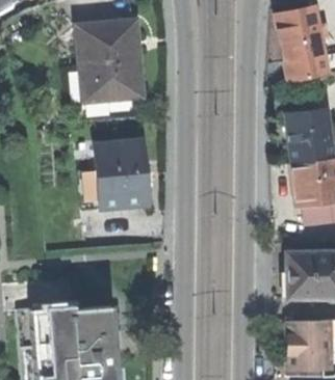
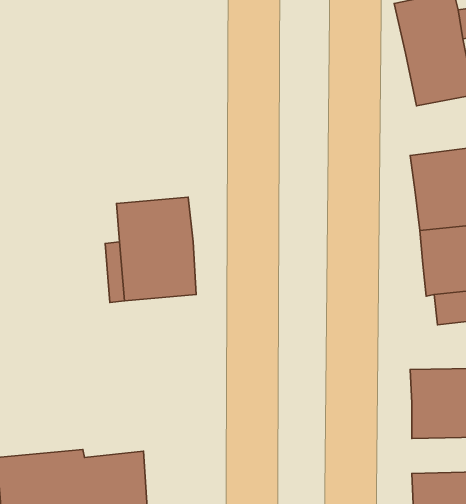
building: [79,21,144,100] -> none

